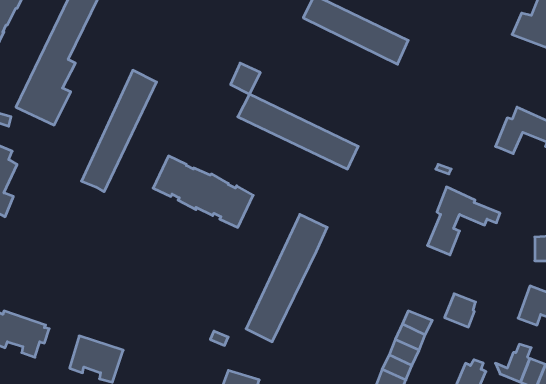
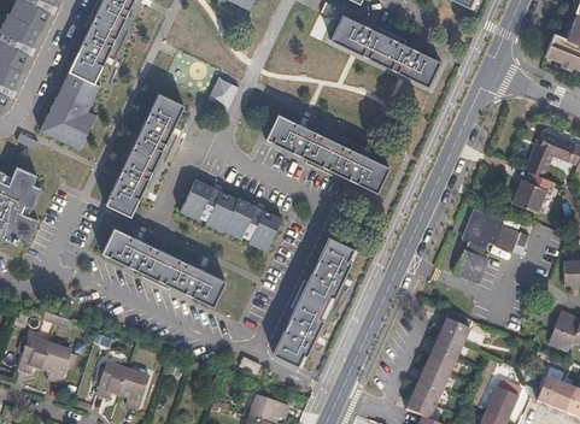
building: [231,63,260,94] -> [209,77,239,108]
building: none -> [512,170,556,211]
building: none -> [102,228,225,305]
building: [445,294,476,327] -> [438,311,469,344]

